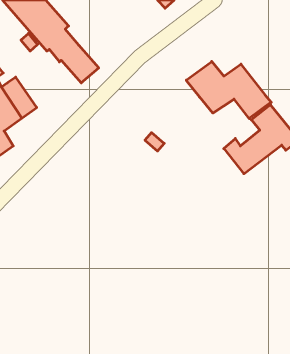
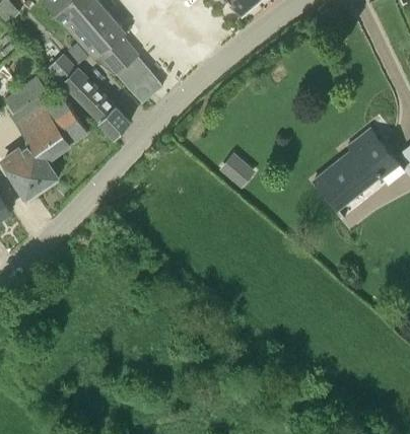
building: none -> [50,58,131,137]
building: [186,61,271,119] -> none

